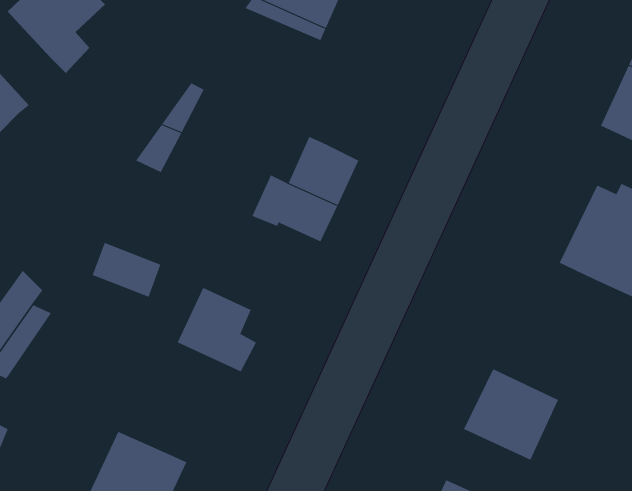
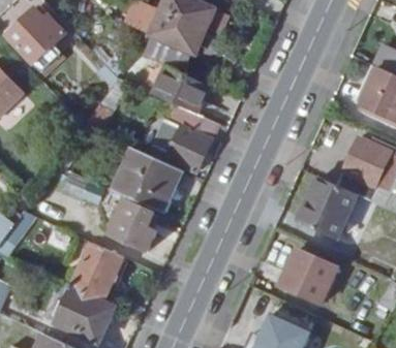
building: none -> [153,66,209,115]
building: none -> [113,148,181,213]
building: none -> [299,178,356,238]
building: none -> [71,243,122,299]

